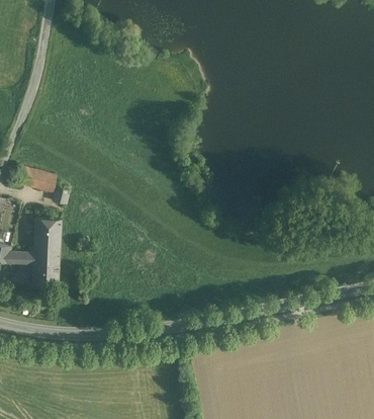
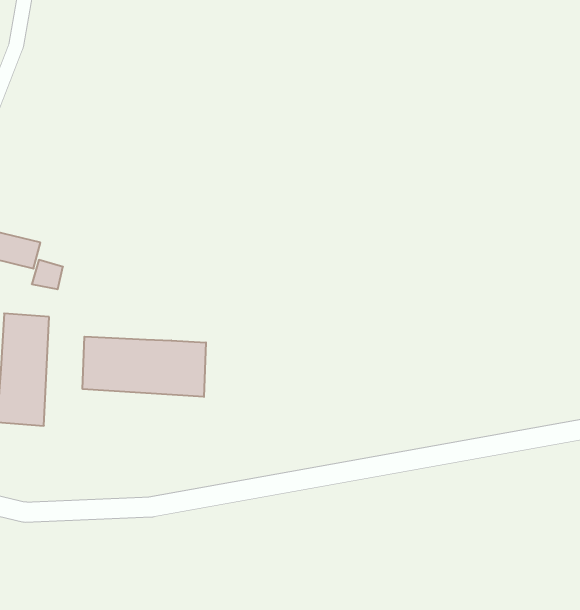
building: none -> [83,337,206,397]

